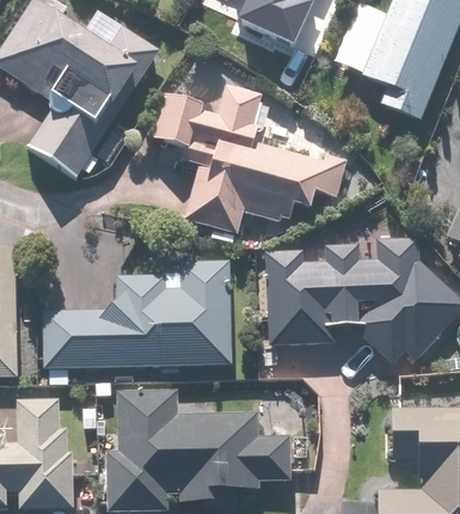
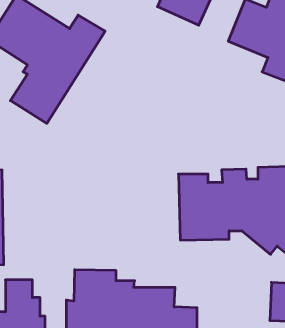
building: [157,87,344,232] -> none
building: [45,258,231,359] -> none

